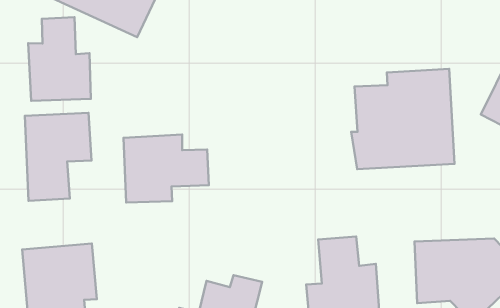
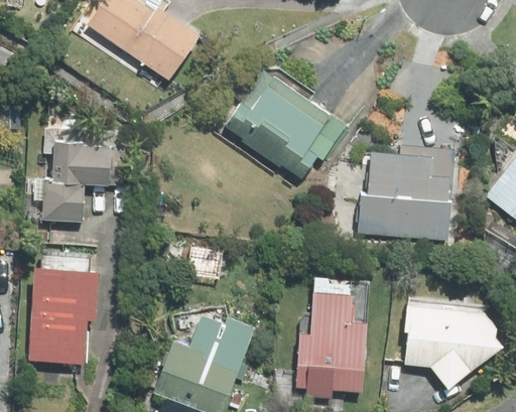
building: none -> [226,65,352,178]
building: [28,17,91,101] -> none
building: [124,135,209,203] -> none

